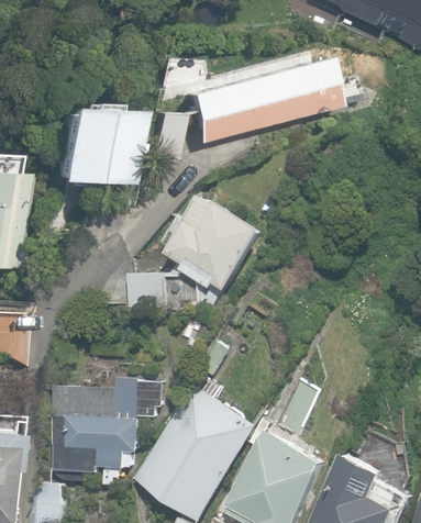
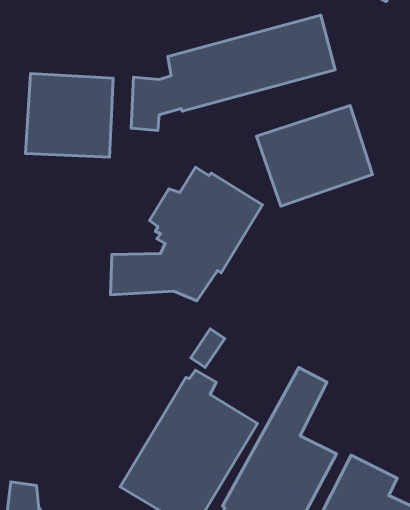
building: none -> [257,105,372,206]
building: [59,376,169,480] -> none

